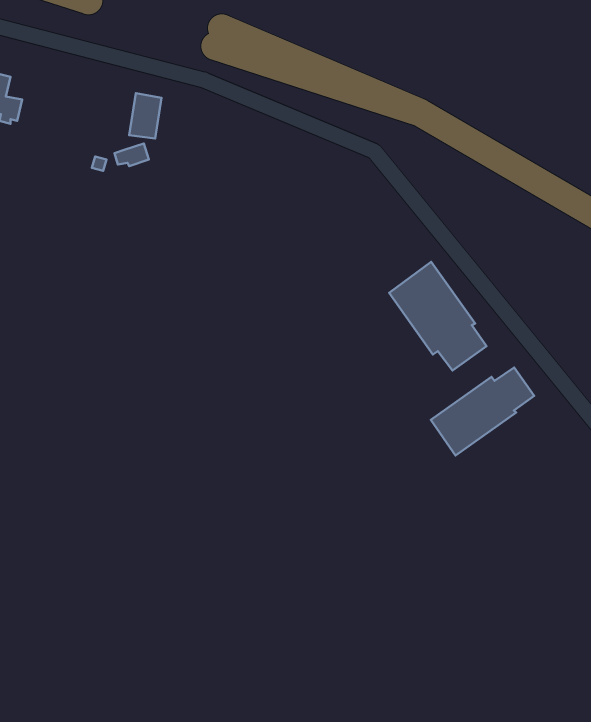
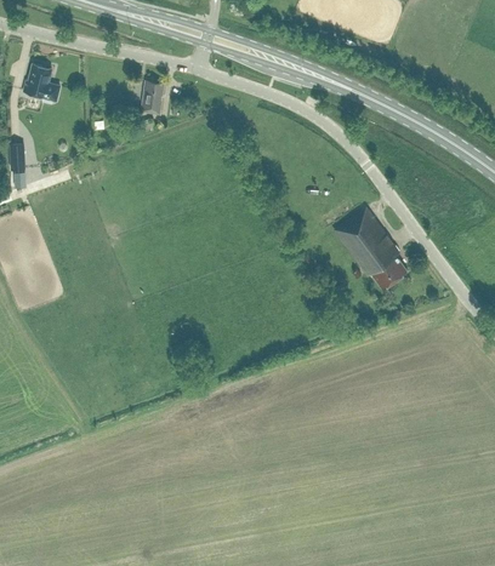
building: [431,367,534,456] -> none

